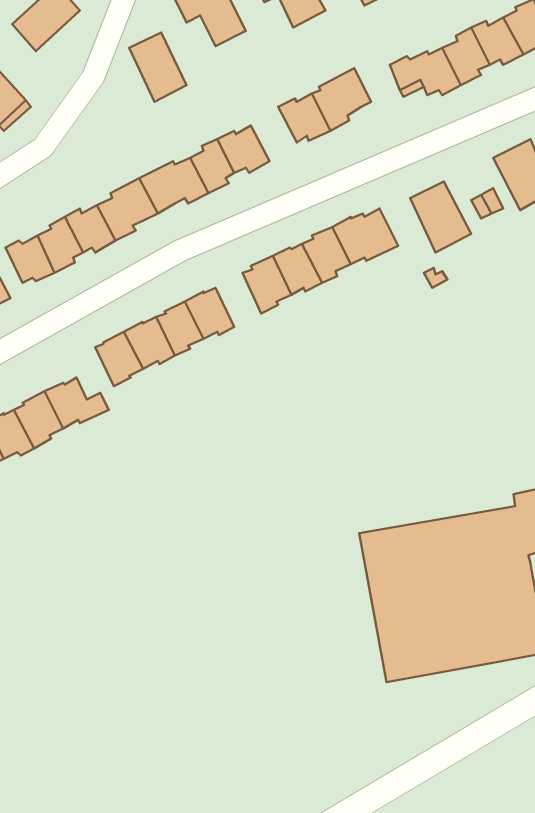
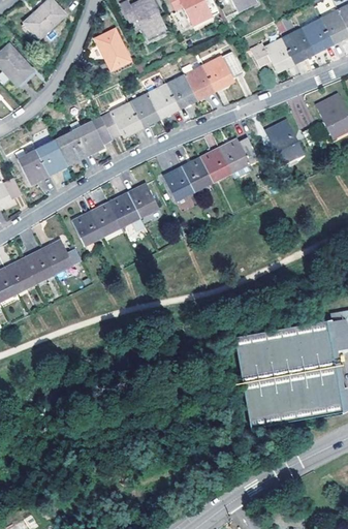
building: none -> [168,74,196,107]

